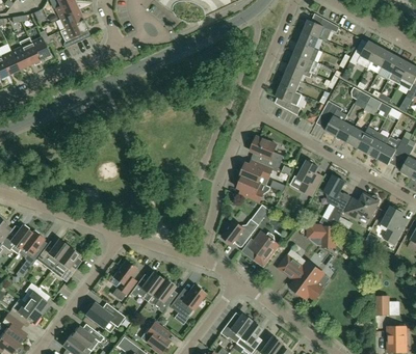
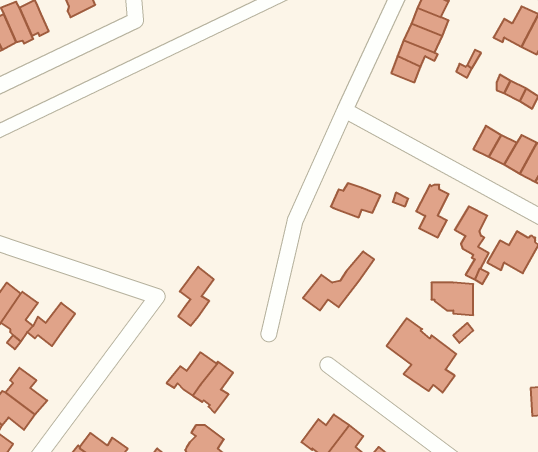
building: [276,85,302,115] -> none
building: [321,101,347,136] -> none
building: [251,136,282,169] -> none
building: [238,175,270,202] -> none
building: [242,230,281,267] -> none
building: [53,246,79,281] -> none
building: [112,261,136,300] -> [178,267,214,326]
building: [170,285,205,320] -> none
building: [86,302,125,327] -> none

